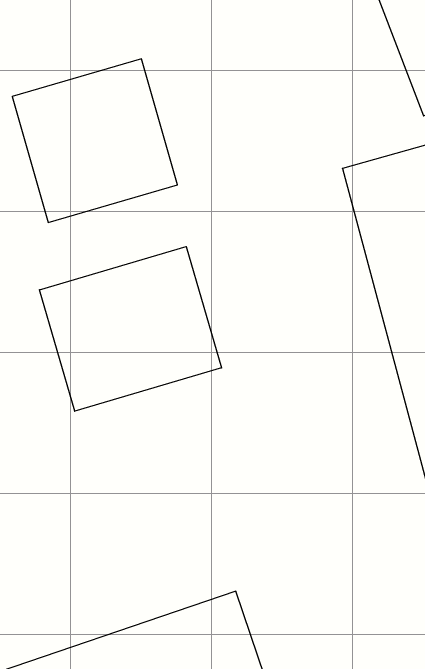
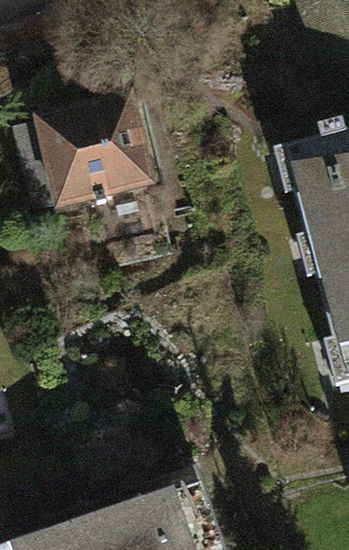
building: [39,247,222,411] -> none

